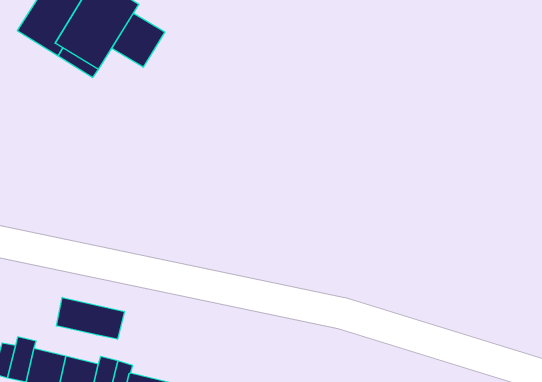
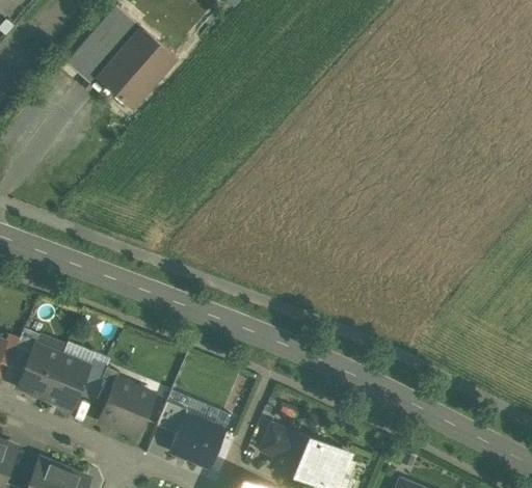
building: [112,13,165,67] -> none
building: [56,297,124,339] -> none

